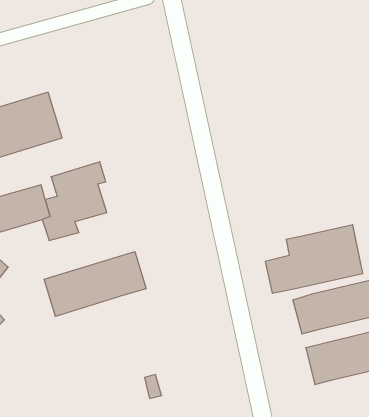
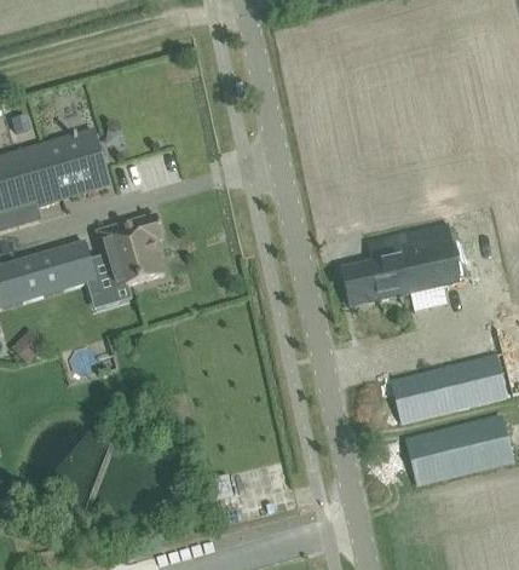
building: [265,225,363,293] -> [341,223,460,306]
building: [44,252,146,316] -> none

